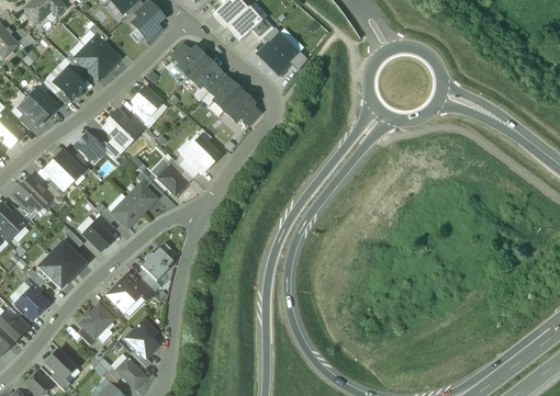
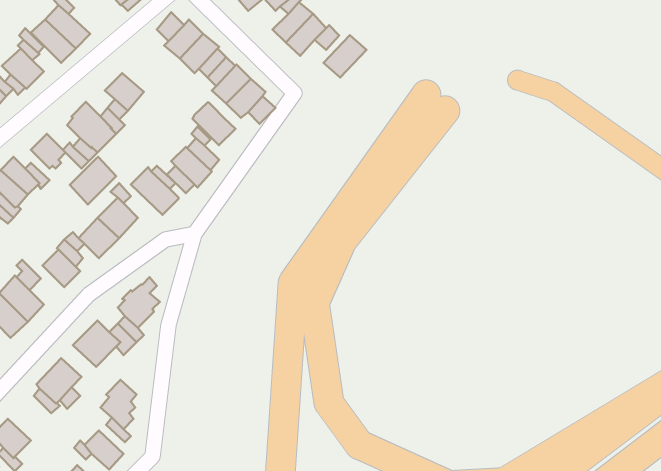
building: none -> [323,35,367,78]
building: none -> [192,102,235,145]
building: none -> [70,157,116,204]

